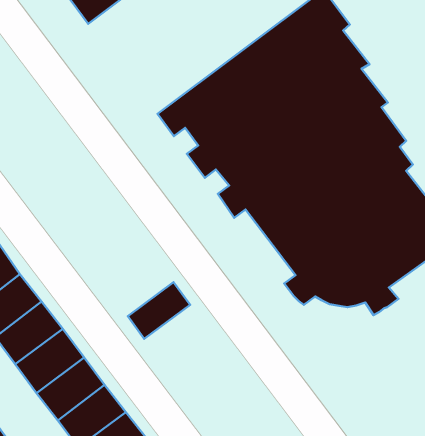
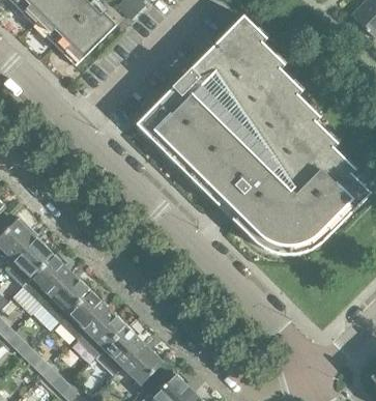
building: [128,282,190,339] -> none

